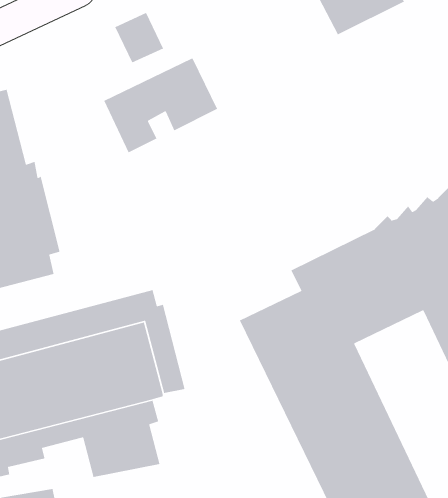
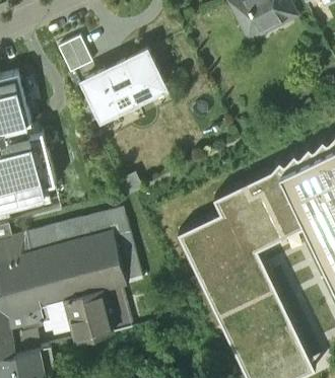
building: [114,12,164,64] -> [59,39,93,74]

